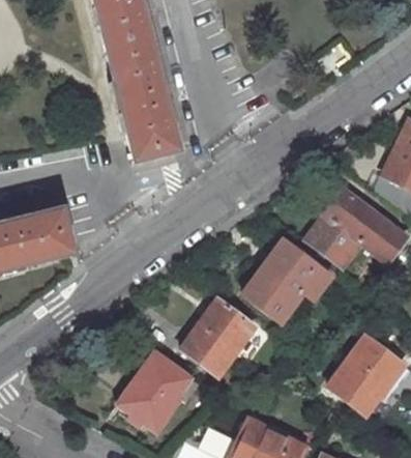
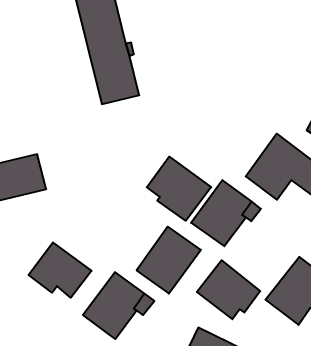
building: none -> [147,157,211,221]
building: none -> [29,242,92,298]
building: none -> [197,260,260,319]

